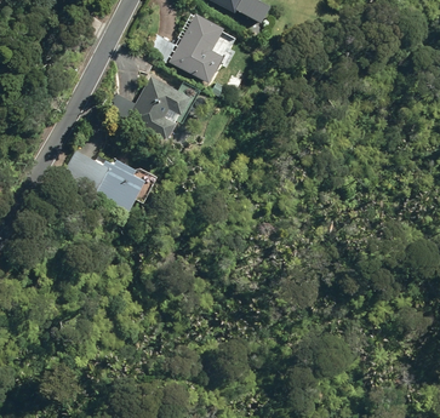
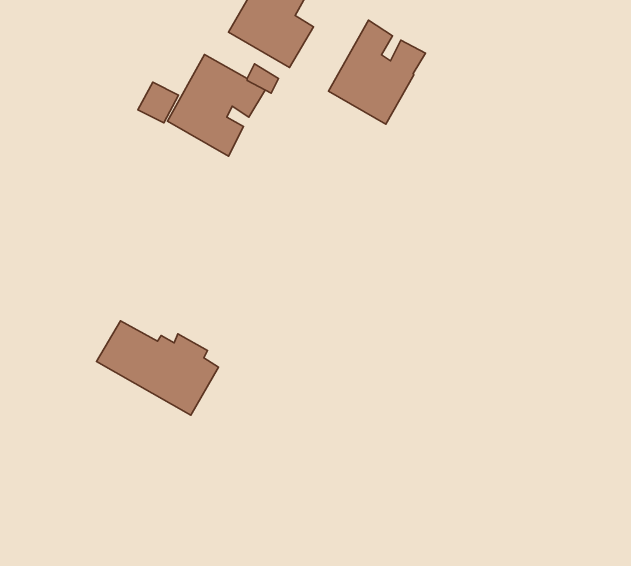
building: none -> [329,20,426,124]
building: [62,150,142,212] -> [96,321,218,415]

